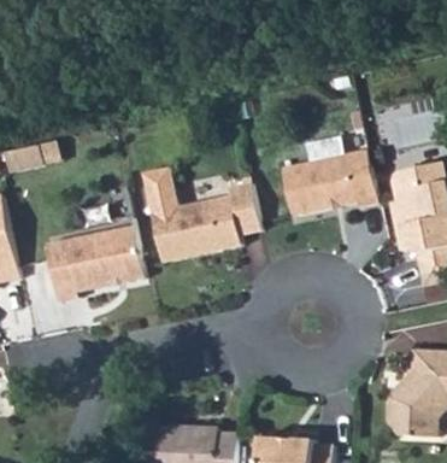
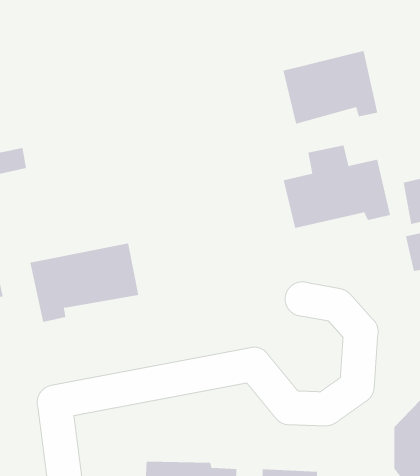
building: none -> [283,50,378,125]
building: [145,169,261,263] -> none

